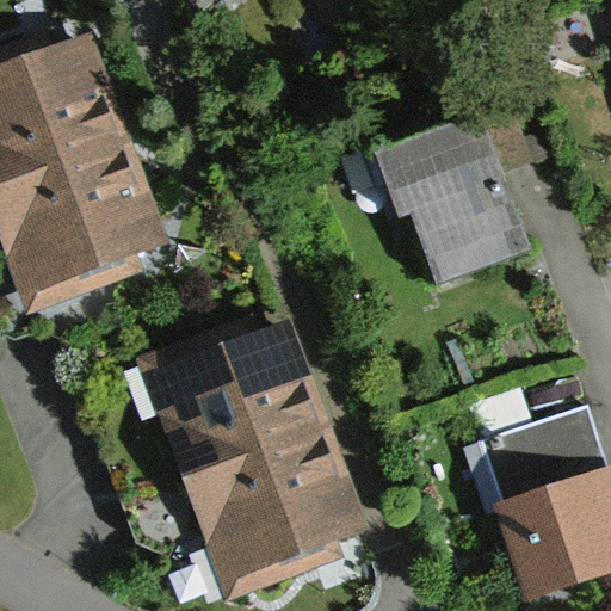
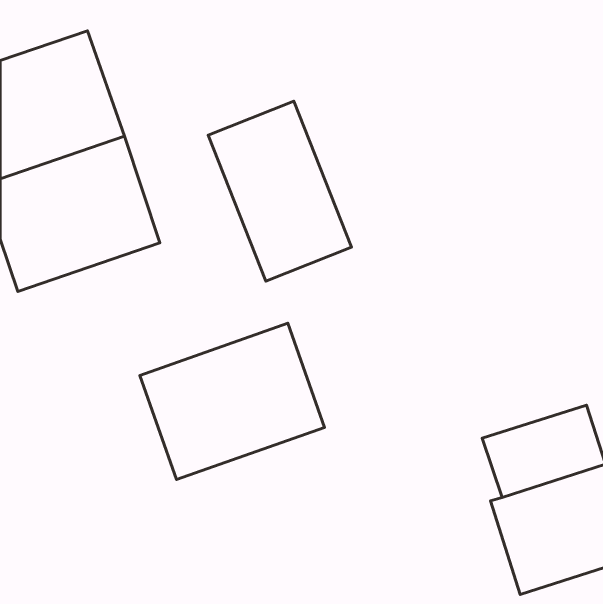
building: none -> [208,101,352,281]
building: [371,119,514,277] -> none
building: [180,431,368,590] -> none

